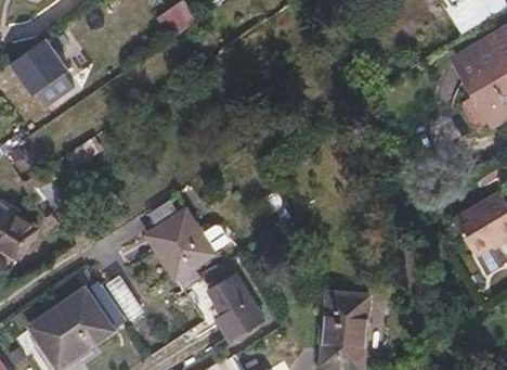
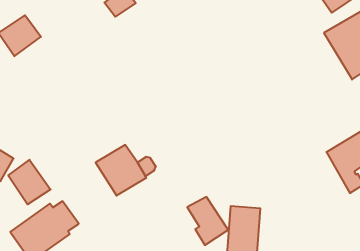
building: none -> [8,160,51,204]
building: [209,275,264,340] -> [187,197,228,245]

